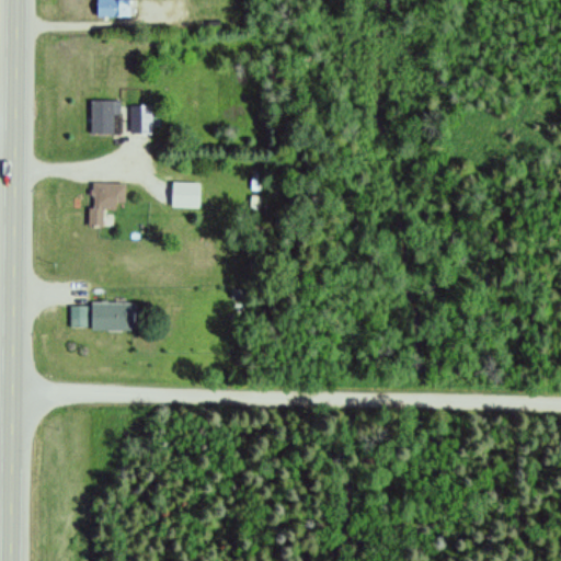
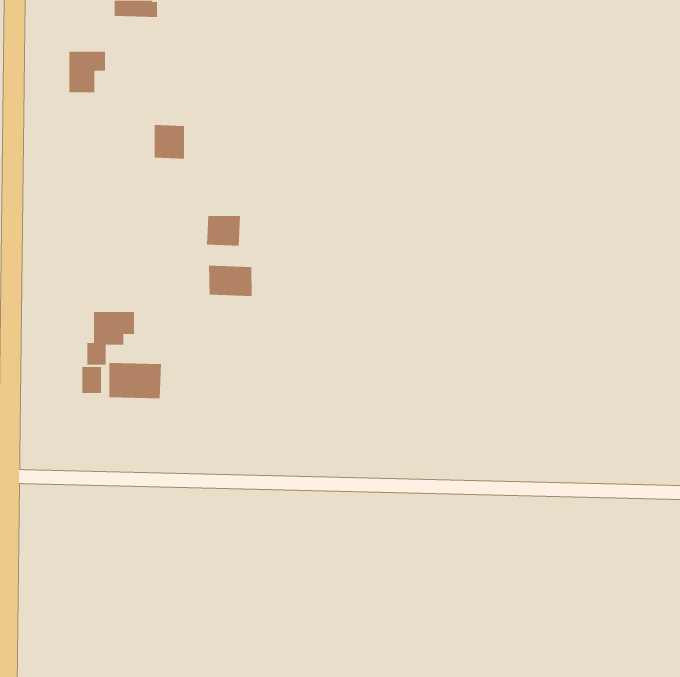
building: [91,101,122,135] -> [68,51,106,93]
building: [88,182,127,226] -> [87,312,135,365]
building: none -> [209,265,252,297]

